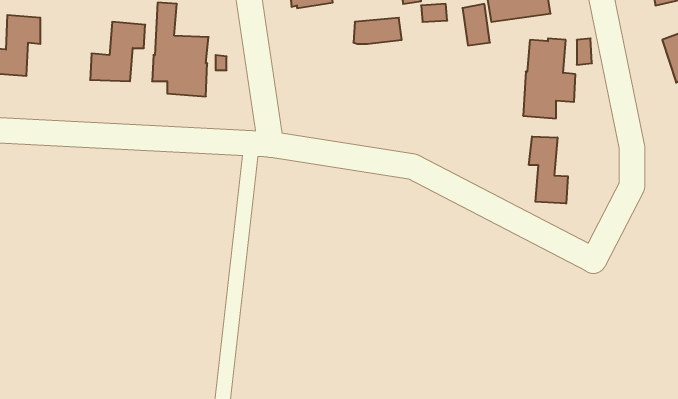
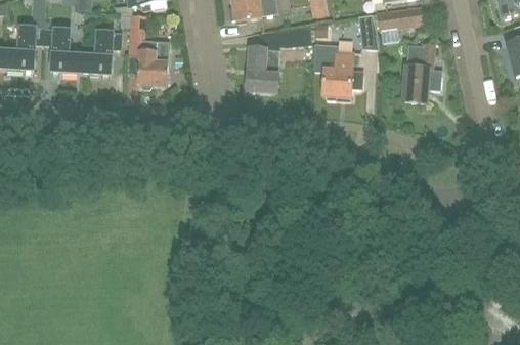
building: none -> [44,19,82,73]
building: none -> [312,43,363,98]
building: none -> [246,46,279,92]
building: [529,136,568,204] -> none

